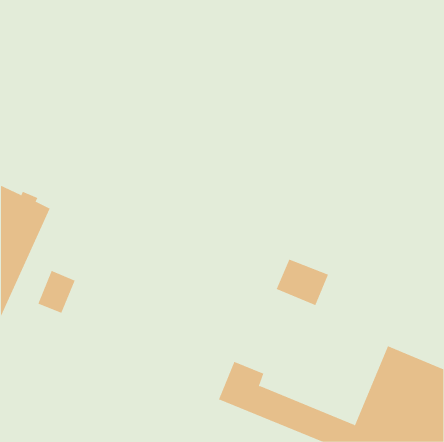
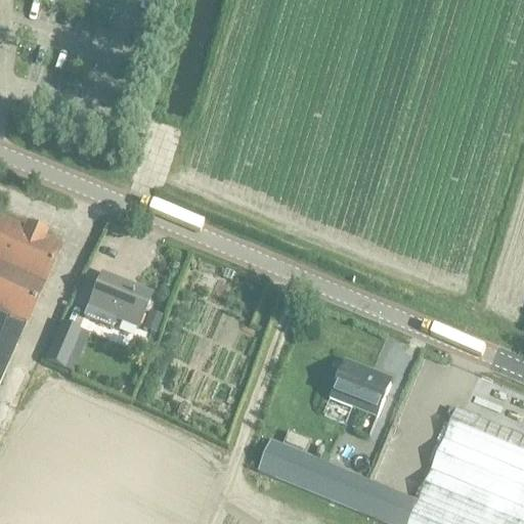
building: none -> [87,273,151,328]
building: [276,259,329,306] -> [330,362,392,418]

